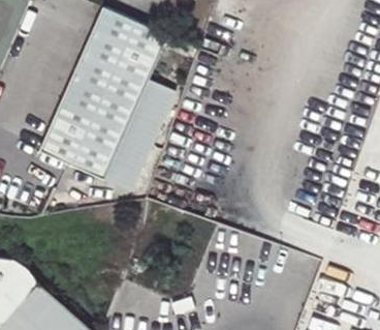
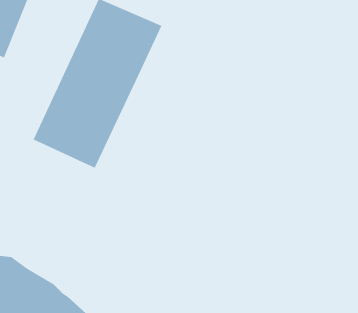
building: [96,82,171,194] -> none

